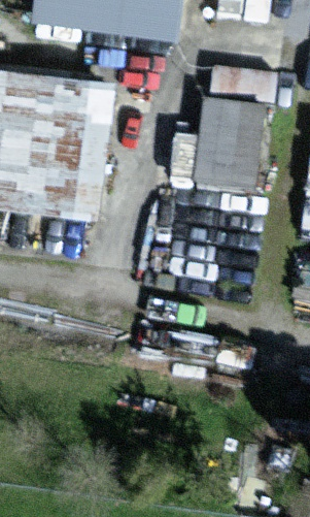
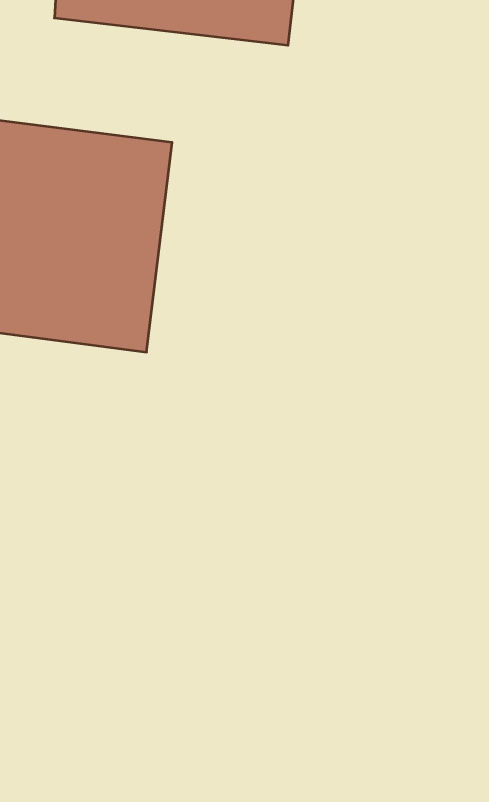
building: [188,90,267,183] -> none

